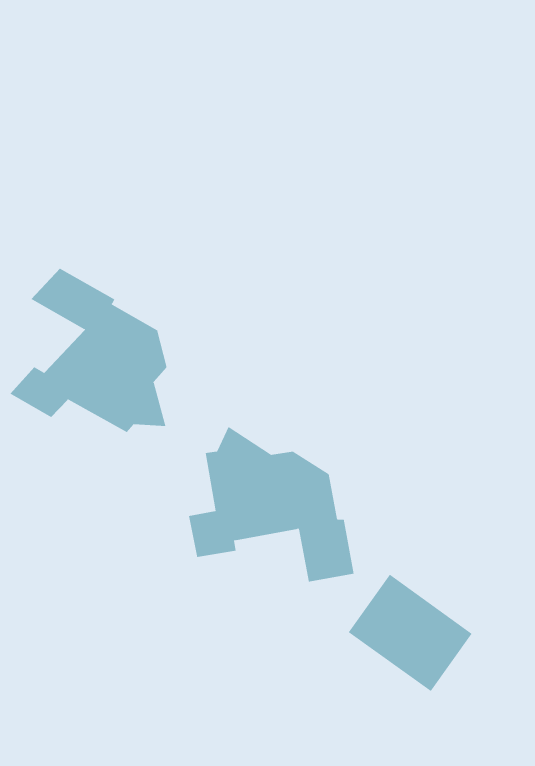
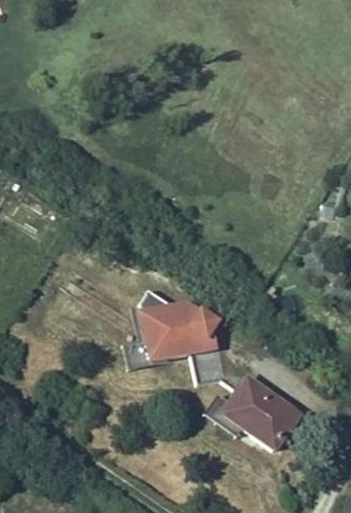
building: [9,268,167,433] -> none

